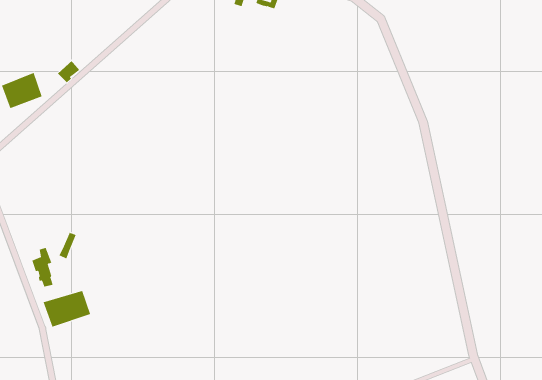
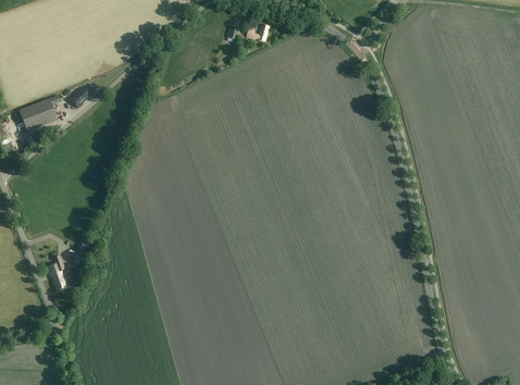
building: [43,290,91,327] -> none

